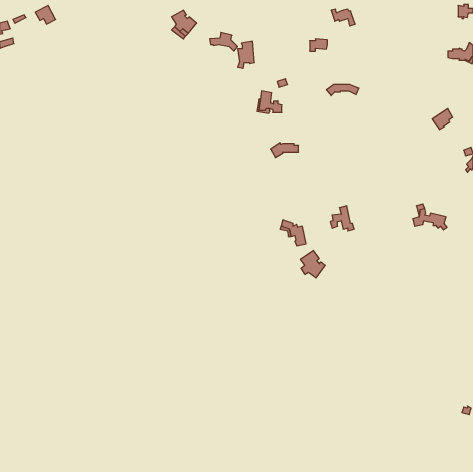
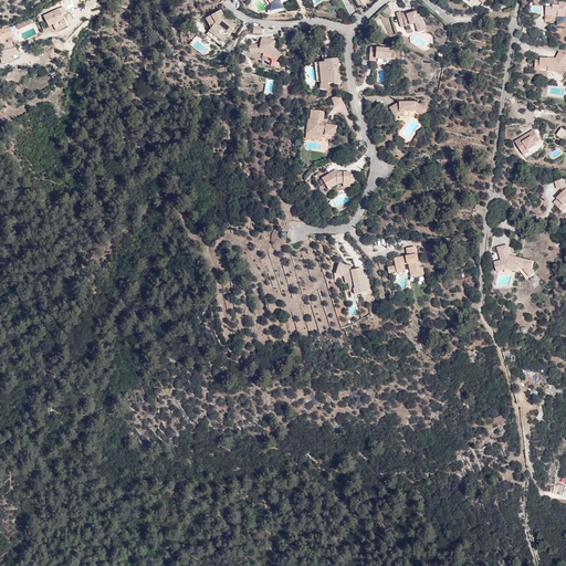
building: [238,41,254,68] -> [318,56,338,88]
building: [301,250,325,278] -> none

